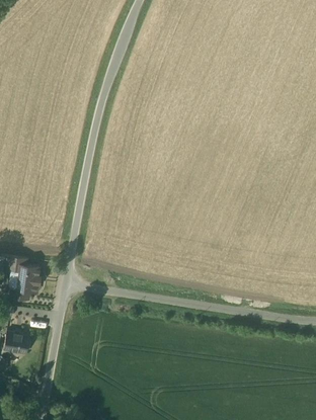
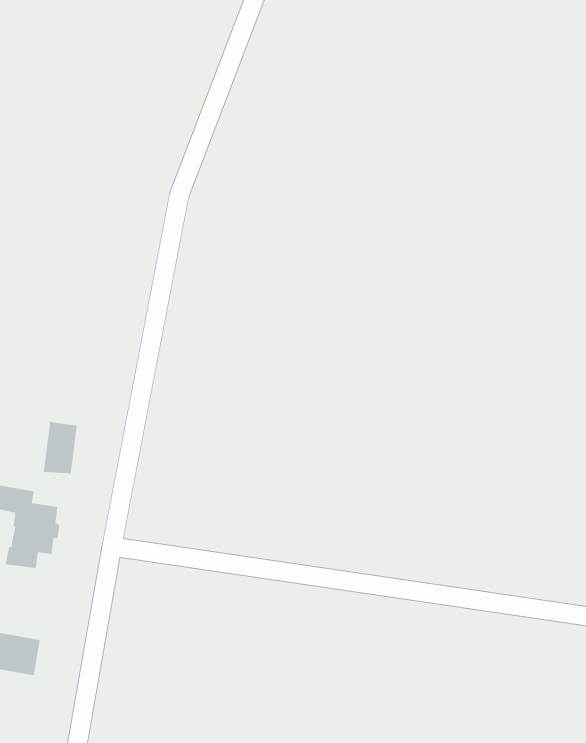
building: none -> [43,421,77,474]

